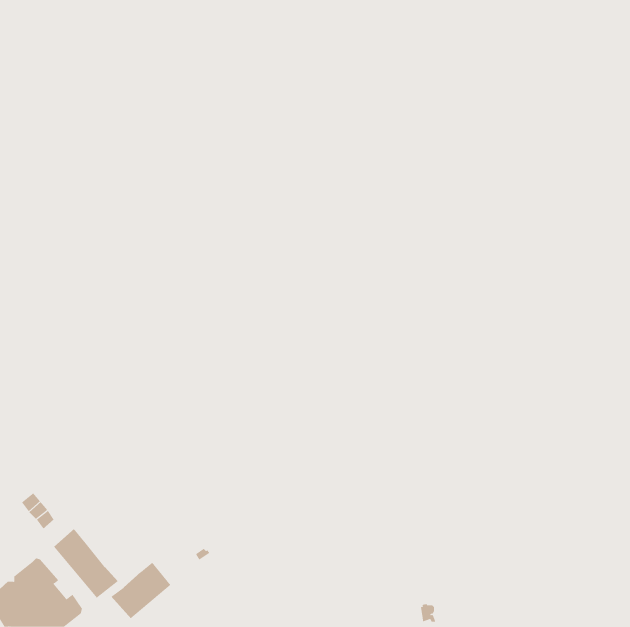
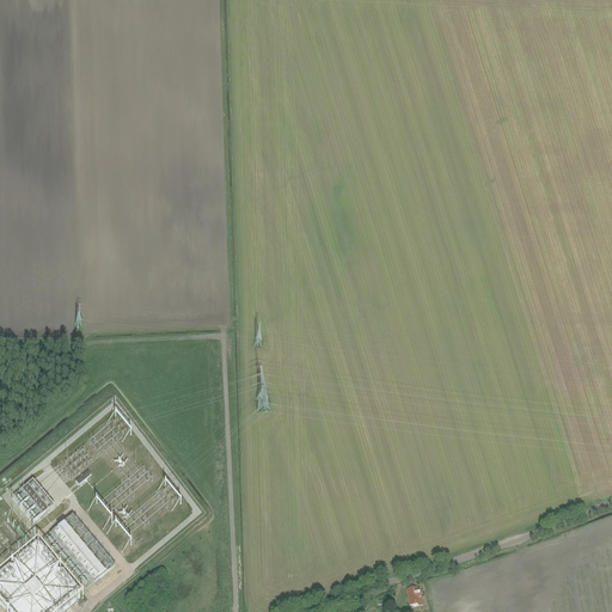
building: [111,562,171,619] -> none

